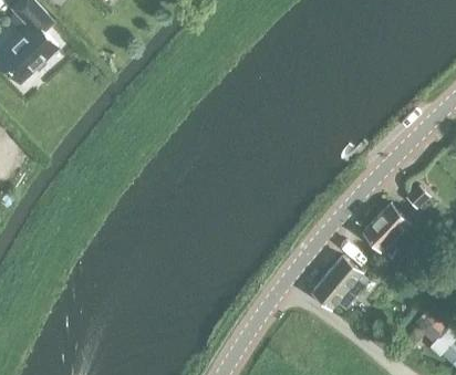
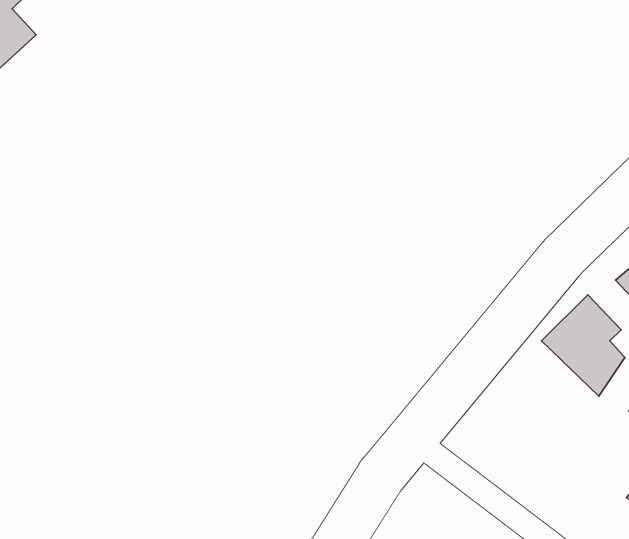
building: [313,257,361,306] -> none

